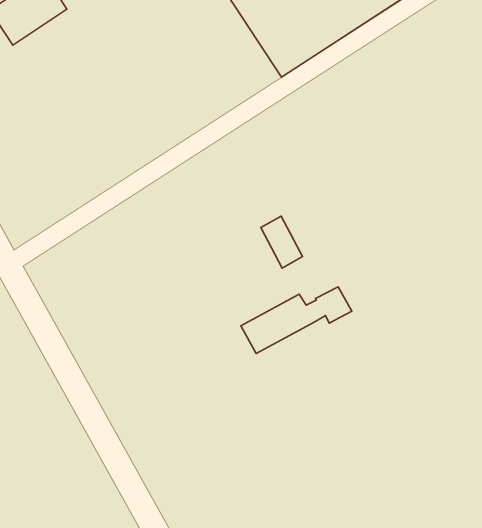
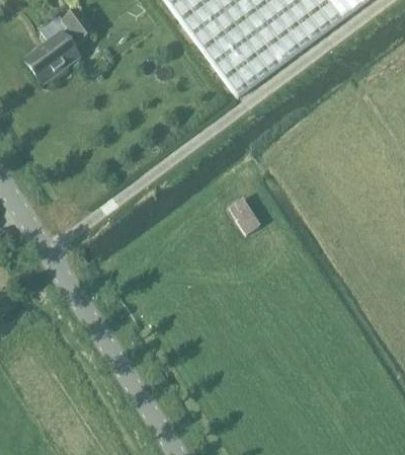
building: [241,287,352,354] -> none

